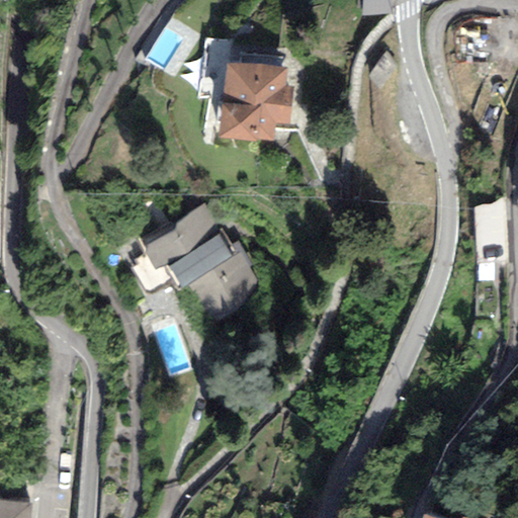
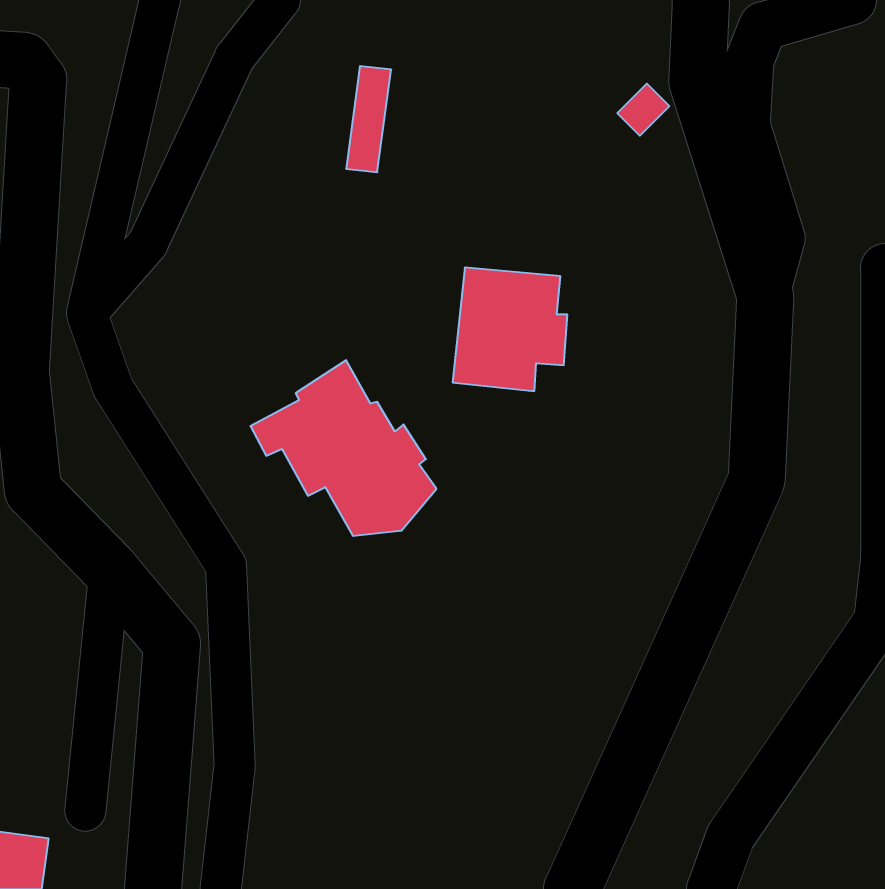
building: [222,63,288,135] -> [453,268,567,391]

